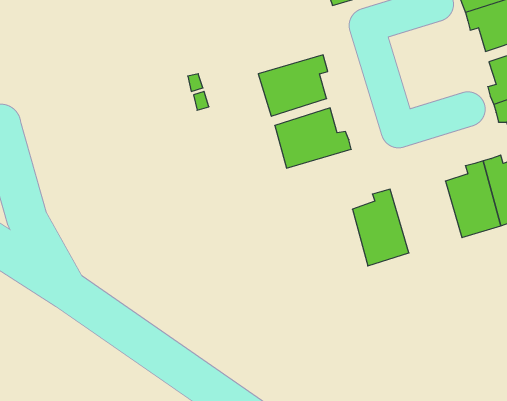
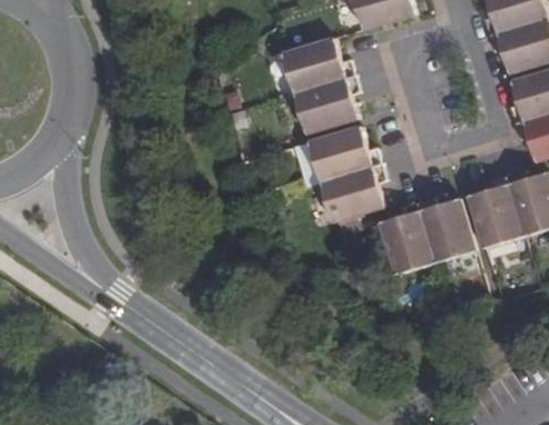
building: none -> [283,39,354,95]
building: none -> [320,166,385,224]
building: none -> [418,197,476,264]

